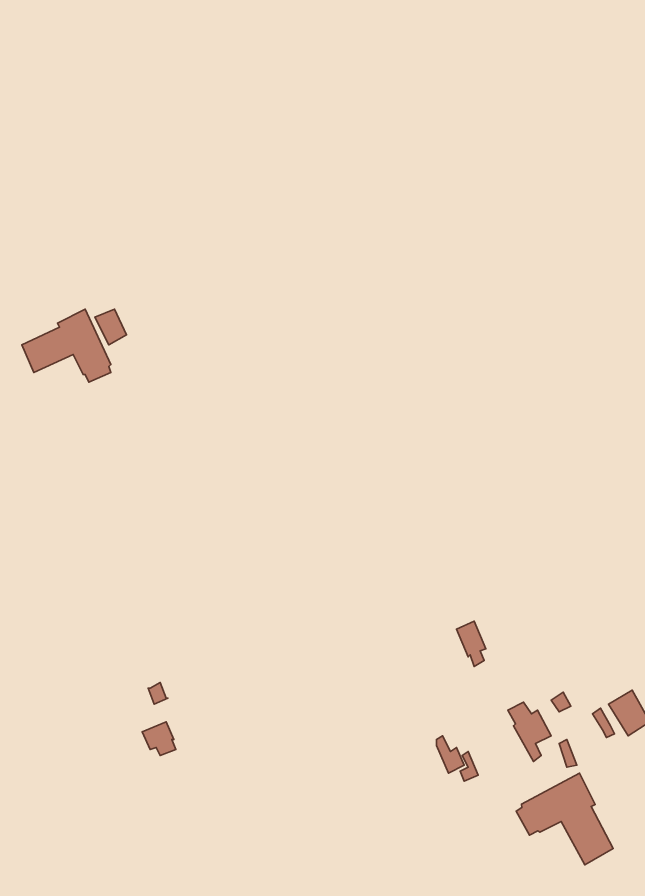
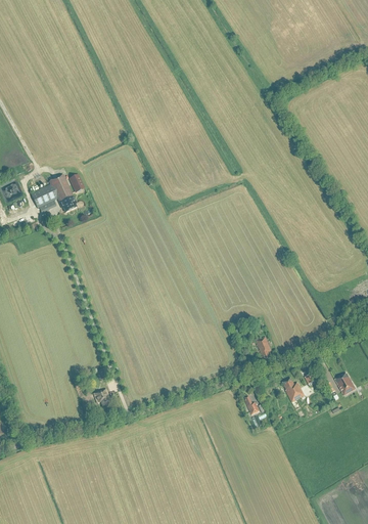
building: [516,773,613,865] -> none

